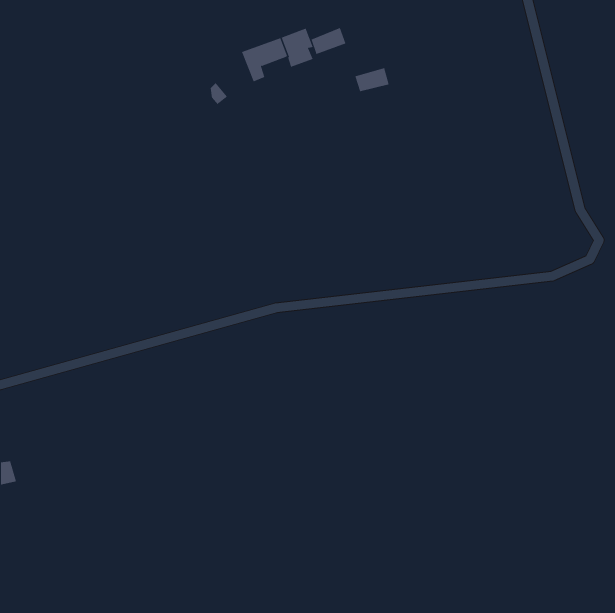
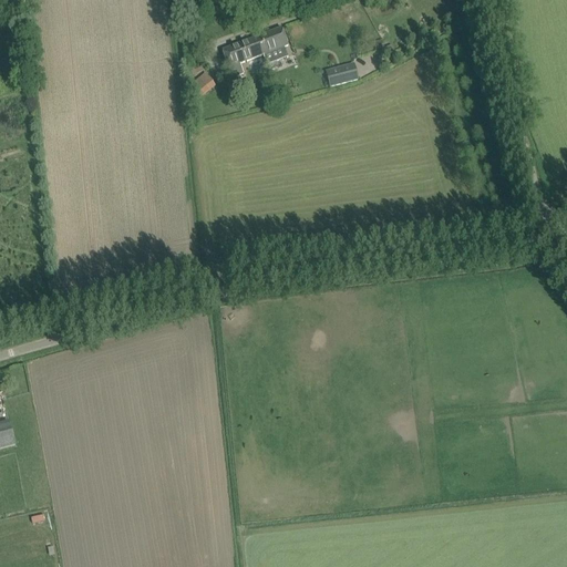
building: [311,27,346,55] -> none

